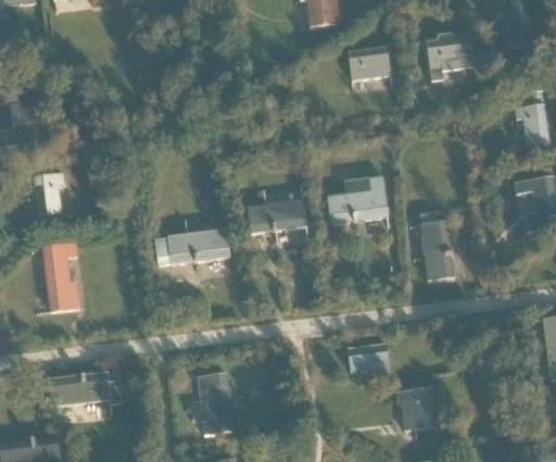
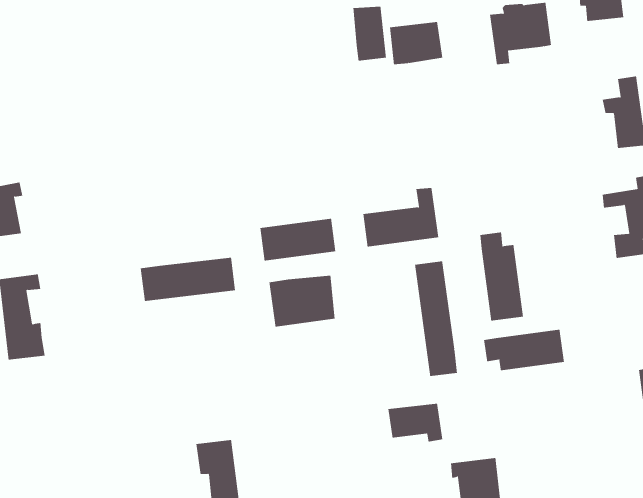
building: none -> [353,6,387,61]
building: none -> [414,260,458,377]
building: none -> [269,275,335,327]
building: none -> [483,329,565,371]
building: [49,373,121,405] -> none

